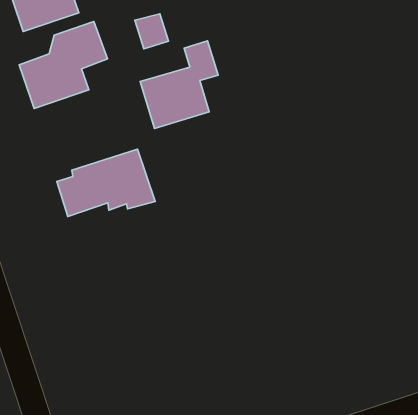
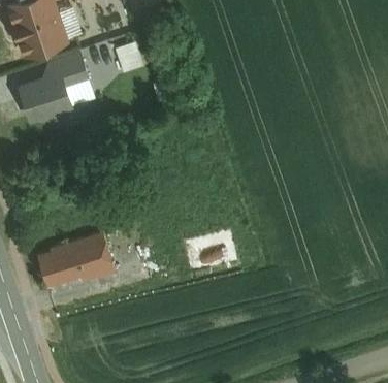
building: [140,41,218,129] -> none
building: [57,149,155,216] -> [37,230,119,286]

